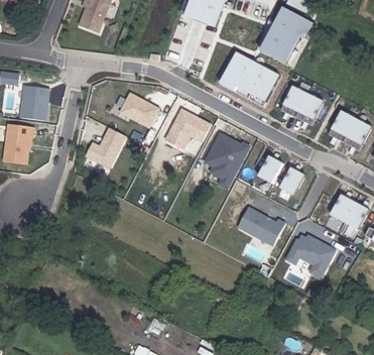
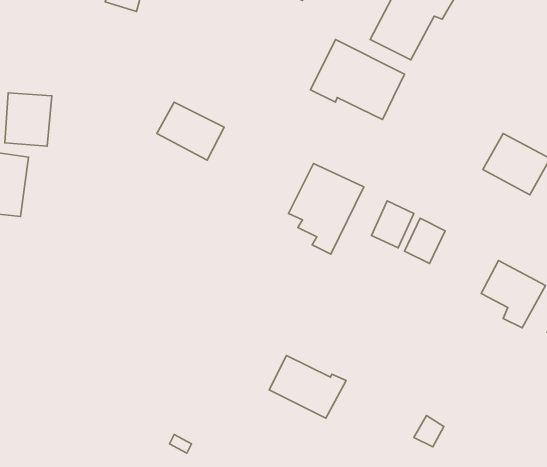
building: [279,87,324,126] -> none
building: [165,107,213,154] -> none
building: [85,125,127,167] -> none
building: [237,205,286,245] -> [269,355,346,418]
building: [285,230,337,278] -> none

